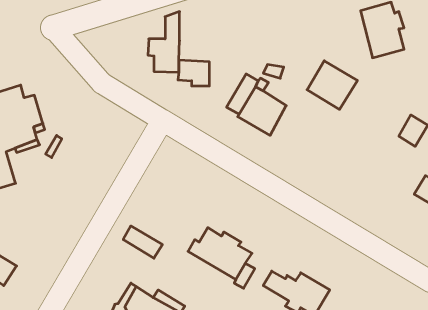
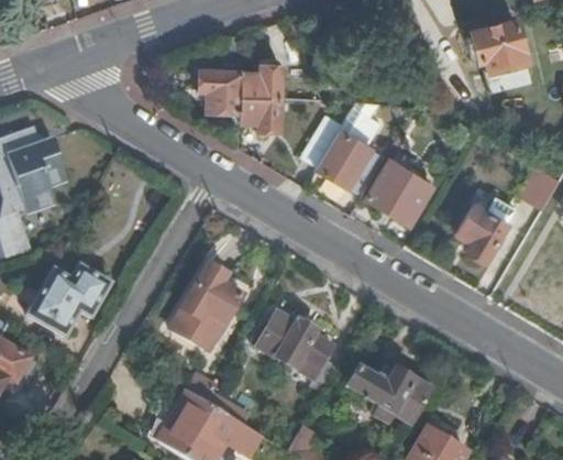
building: none -> [240,62,280,97]
building: [307,61,357,109] -> [367,158,432,221]
building: none -> [456,201,506,260]
building: none -> [178,262,241,332]
building: none -> [29,263,114,333]

